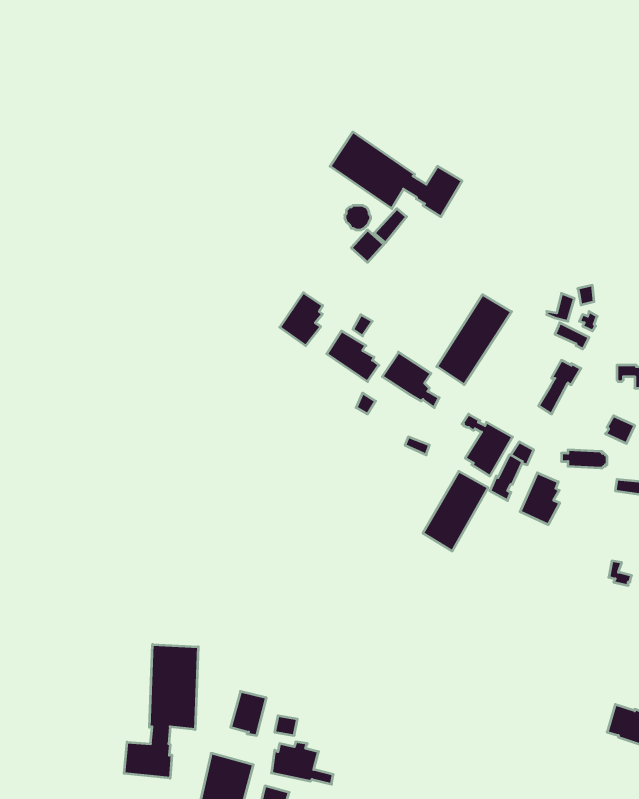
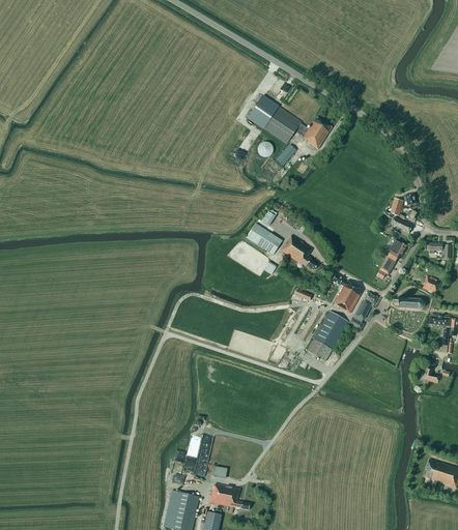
building: [280,293,323,346] -> none
building: [437,295,512,385] -> none
building: [520,473,560,525] -> none
building: [124,644,198,778] -> none

